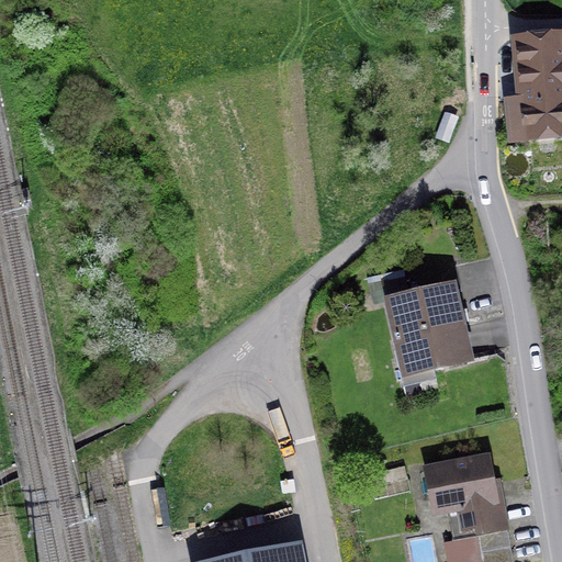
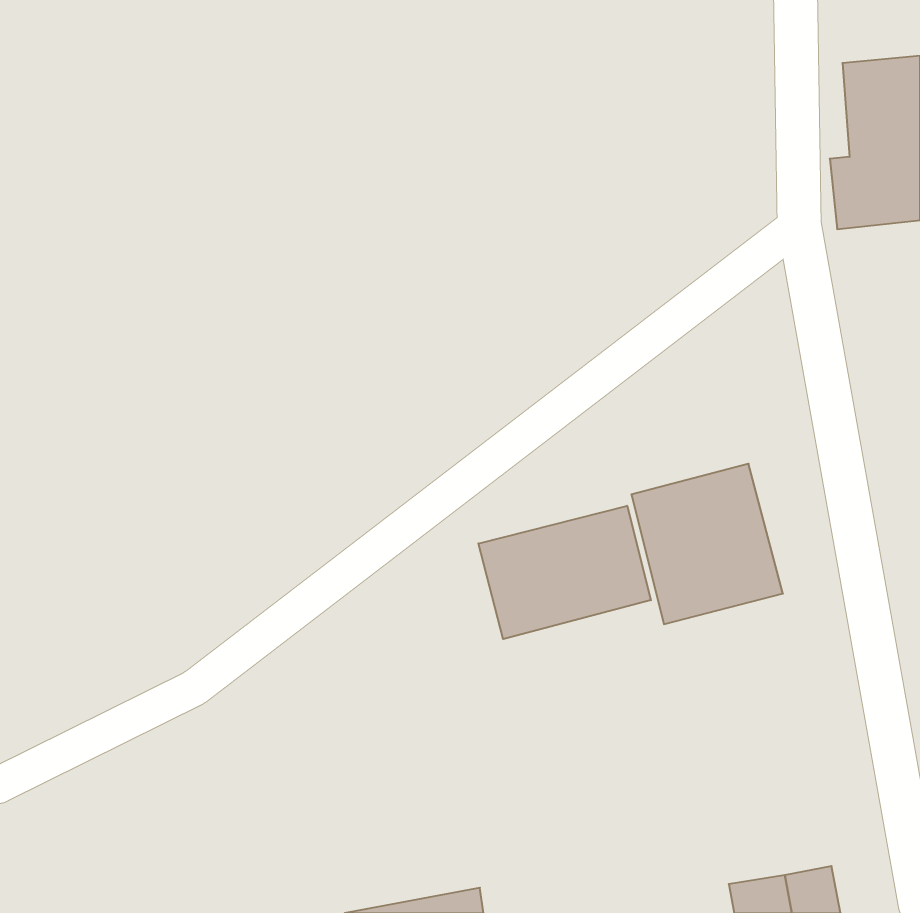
building: none -> [478,506,651,639]
building: [422,453,503,535] -> none

